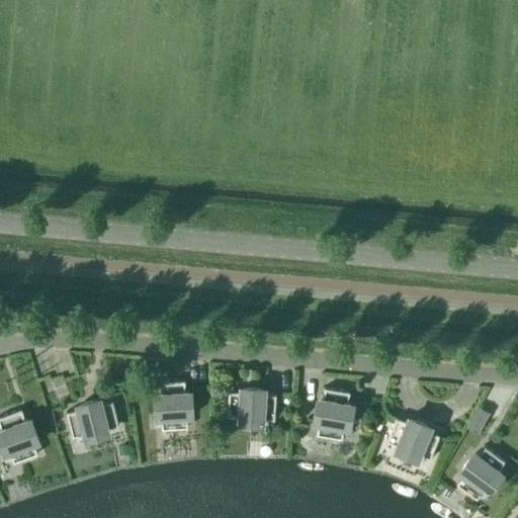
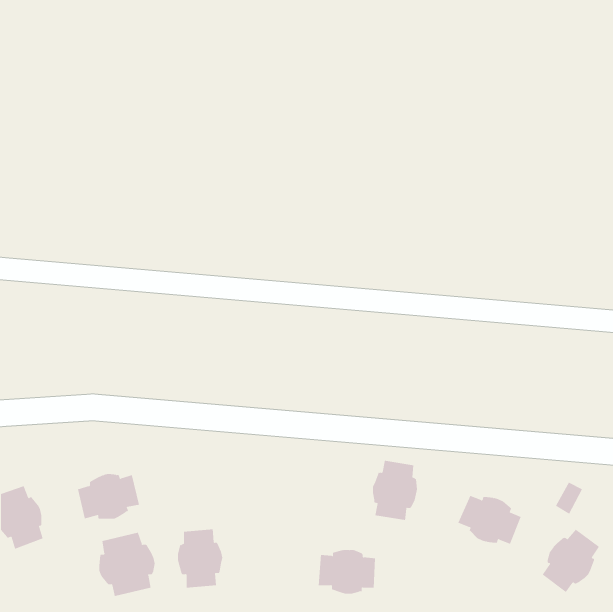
building: [155,381,193,431] -> [177,529,223,588]
building: [228,388,276,426] -> [318,550,376,594]
building: none -> [99,532,155,597]

